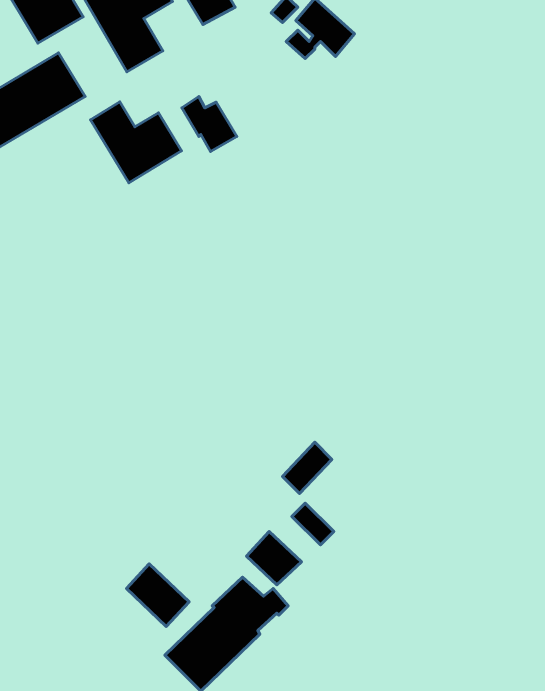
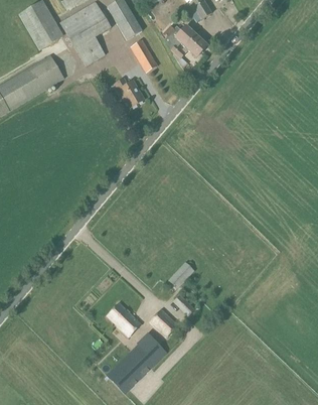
building: none -> [131,39,159,72]
building: [90,102,182,183] -> none
building: [126,564,189,627] -> [108,302,141,335]

